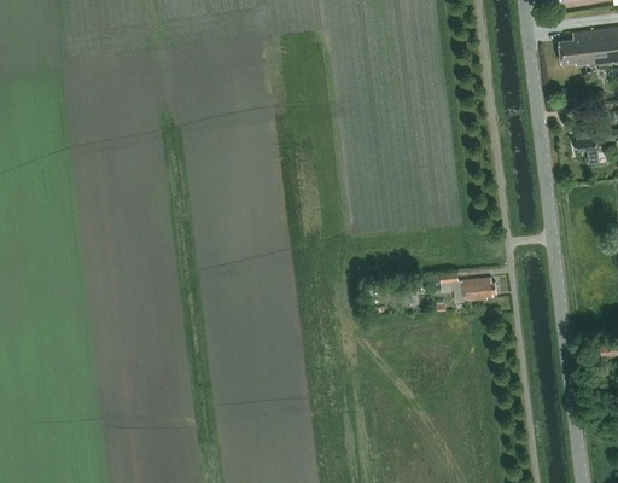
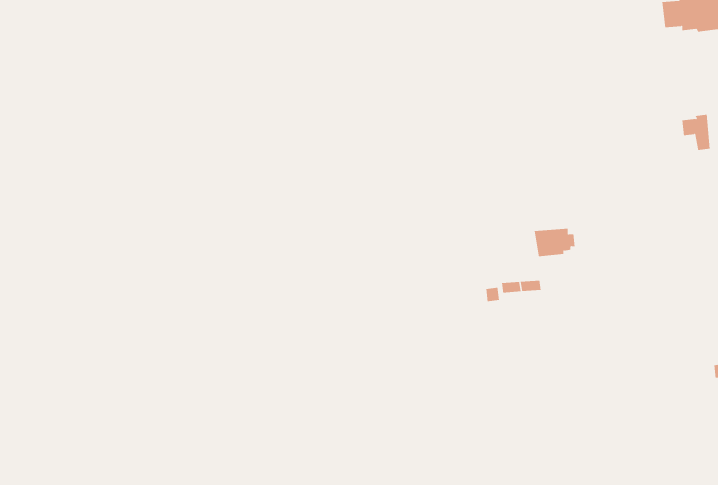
building: [462,279,497,303] -> [534,228,576,257]

